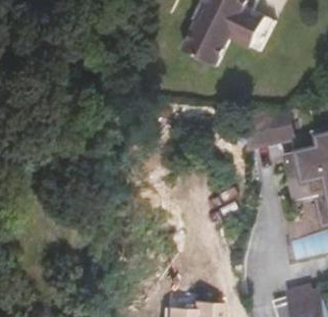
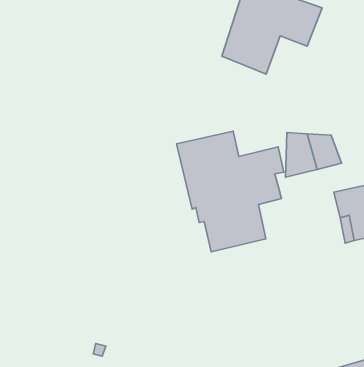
building: none -> [176,131,284,252]

